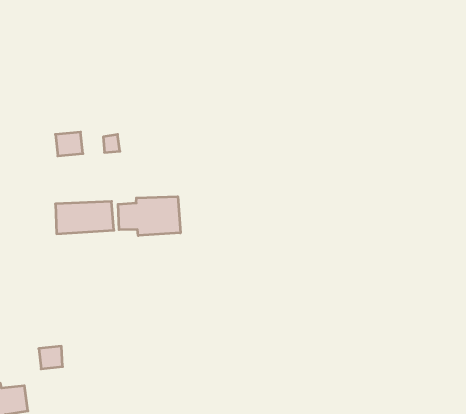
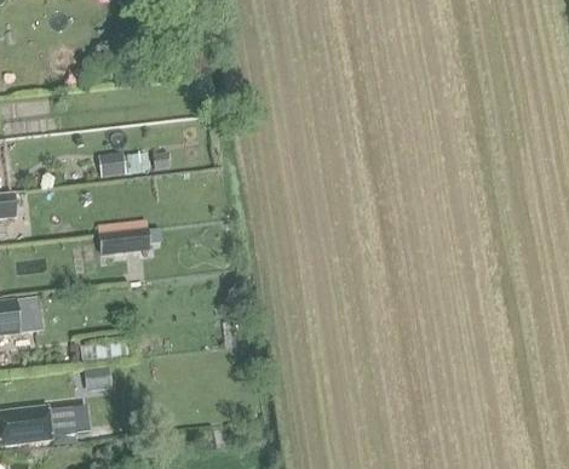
building: [118,197,180,236] -> none

